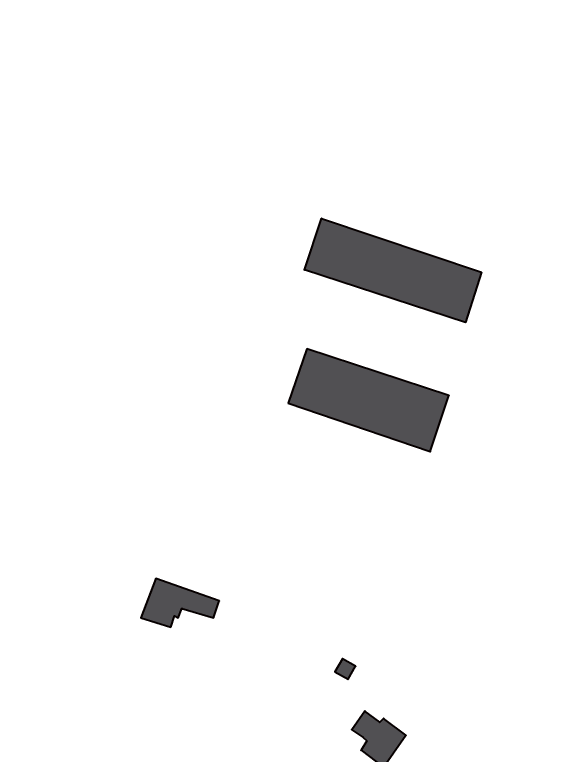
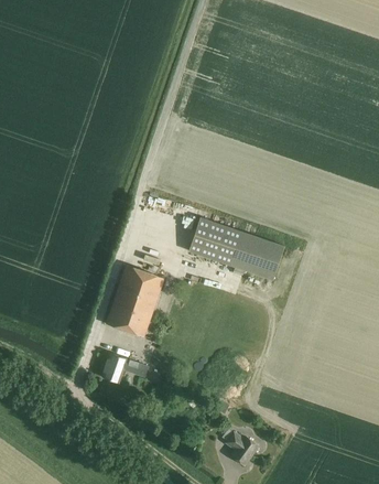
building: [304,218,481,322] -> none
building: none -> [106,266,163,337]

